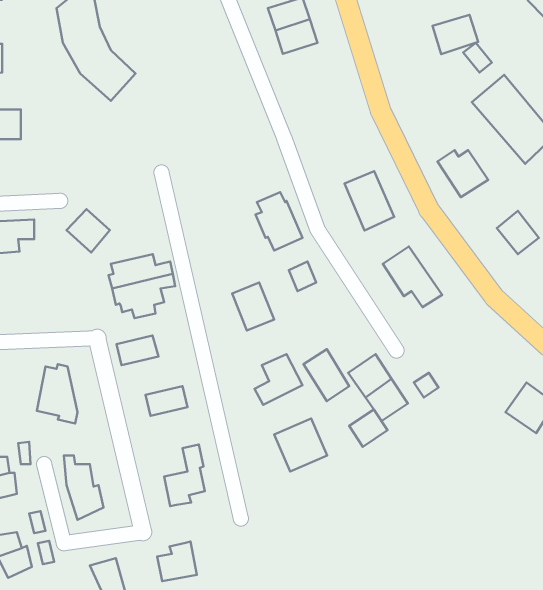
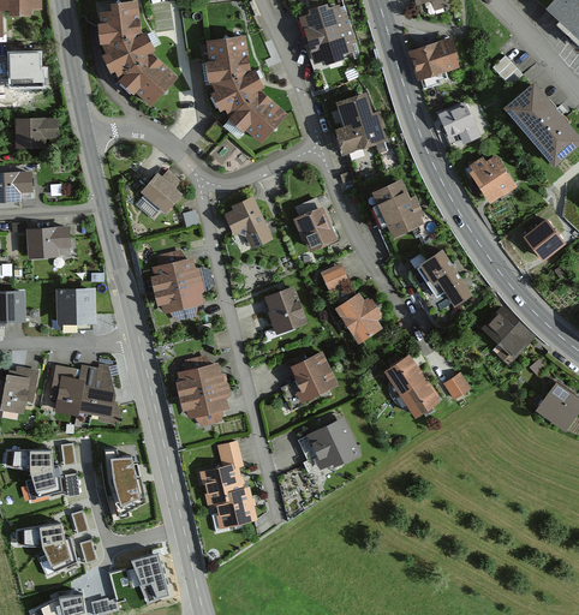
building: [432,15,478,54] -> [413,37,458,76]
building: none -> [205,40,283,143]
building: none -> [330,92,384,156]
building: none -> [442,105,479,148]
building: none -> [225,198,271,246]
building: [67,209,110,253] -> [142,172,184,214]
building: none -> [62,288,97,318]
building: none -> [487,309,532,362]
building: [117,335,159,365] -> [178,365,219,394]
building: [303,349,349,401] -> [340,291,384,341]
building: none -> [48,365,85,413]
building: [349,409,388,447] -> none
building: [157,542,197,581] -> [213,486,251,525]

